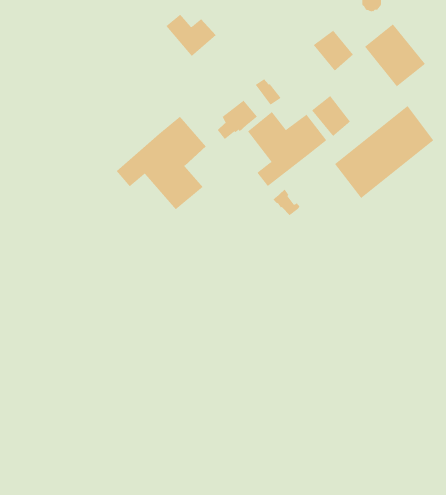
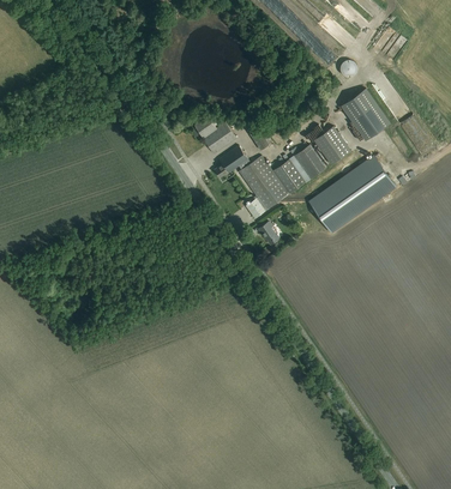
building: [165,14,216,57] -> [193,117,235,153]
building: [313,30,354,72] -> [314,129,348,164]
building: [116,116,207,210] -> none

